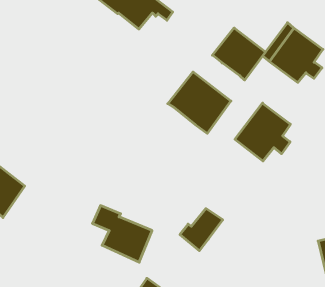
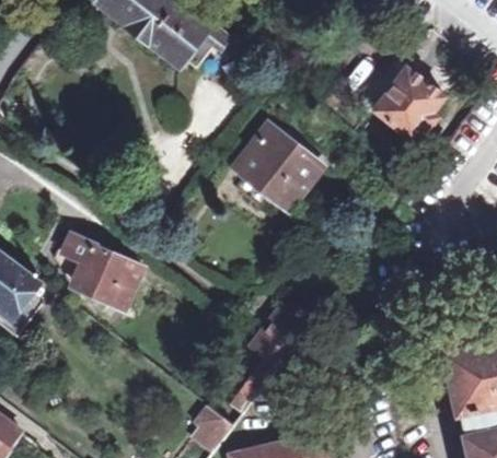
building: [212,28,265,80] -> none
building: [235,103,290,161] -> none
building: [92,206,152,262] -> [61,234,142,310]

